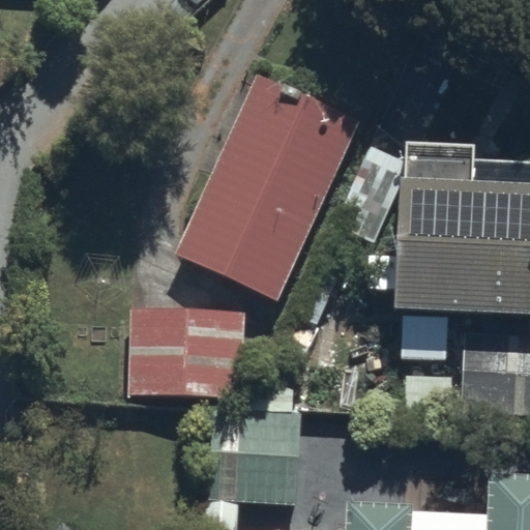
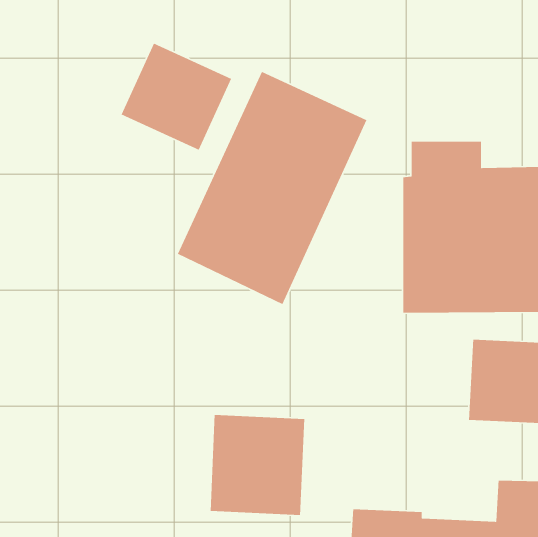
building: none -> [121,43,232,151]
building: [130,312,243,398] -> none

